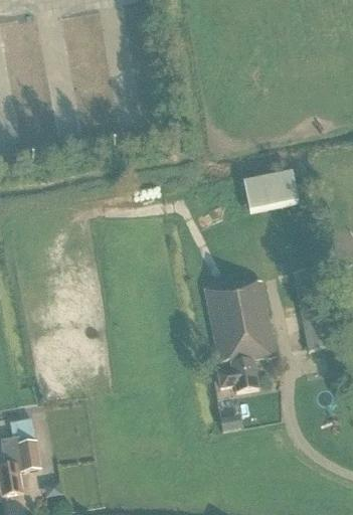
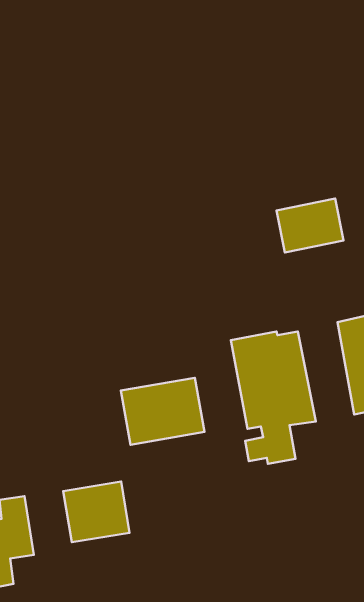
building: none -> [121,378,204,445]
building: none -> [63,482,130,542]

